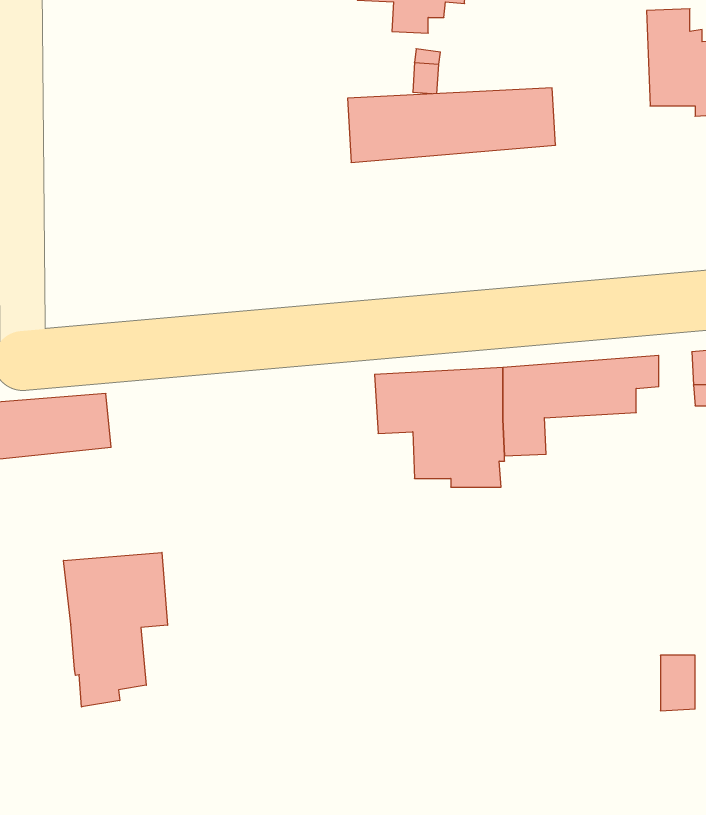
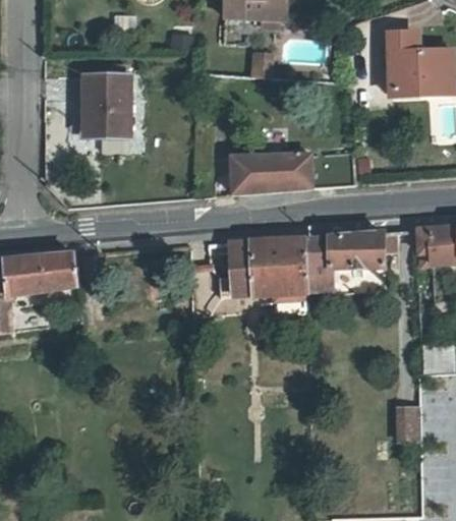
building: [348,88,556,162] -> [231,149,353,192]
building: none -> [81,75,127,133]
building: [64,552,168,707] -> none

